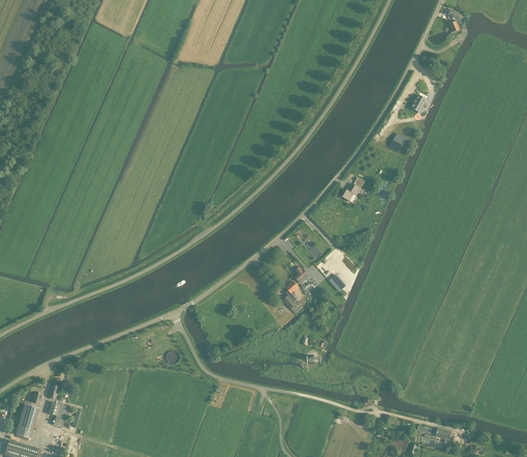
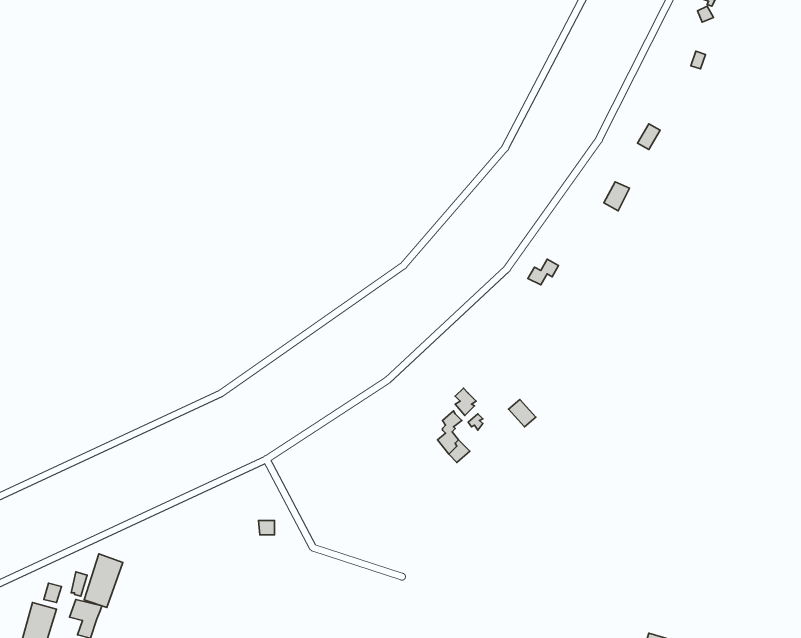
building: none -> [84,554,123,607]

